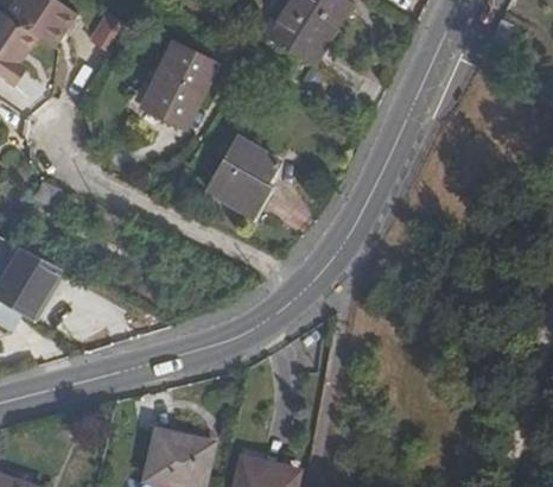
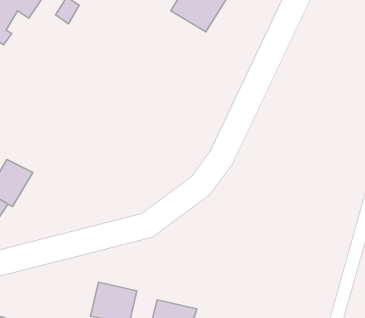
building: [141,45,212,125] -> none
building: [206,137,275,214] -> none

